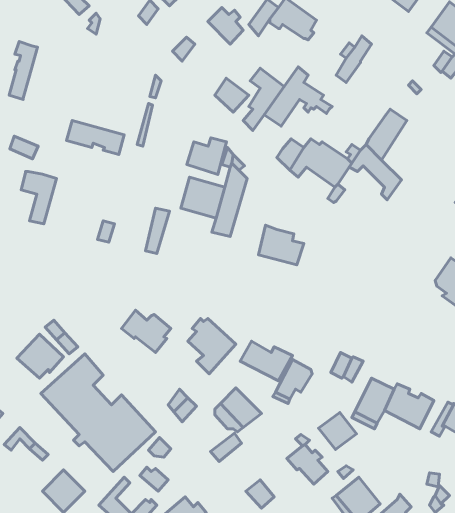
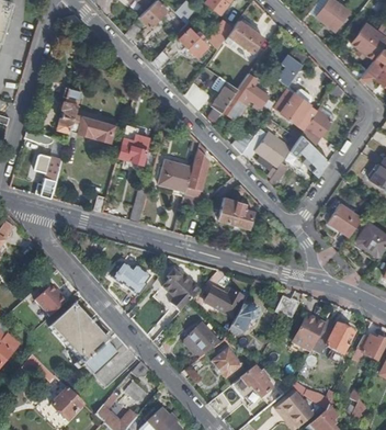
building: [9,42,37,100] -> [58,86,80,131]
building: none -> [273,88,317,128]
building: [187,138,226,174] -> [117,134,148,162]
building: none -> [327,202,362,236]
building: [318,413,357,449] -> [212,348,241,376]

